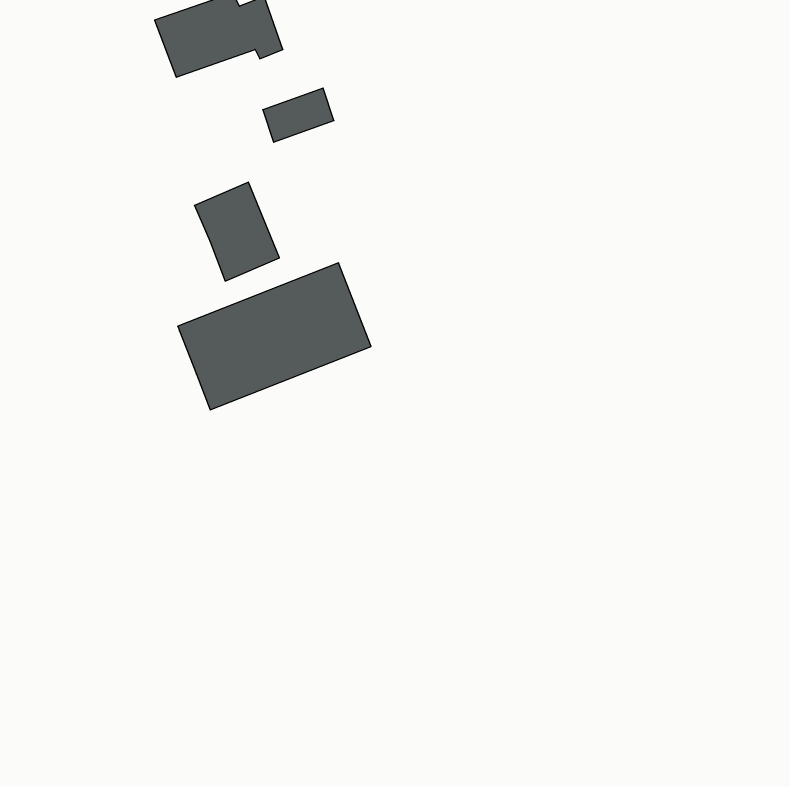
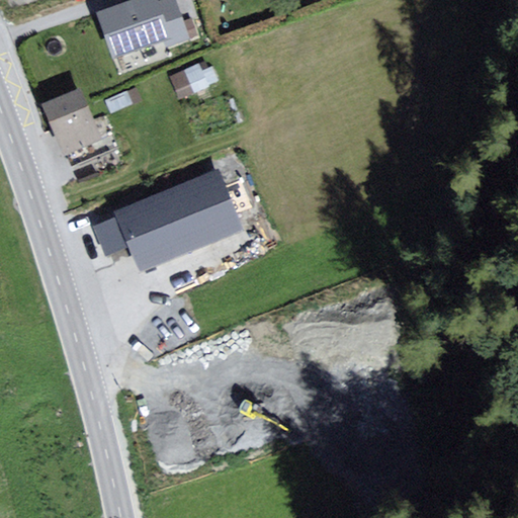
building: [194,182,279,281] -> [44,90,99,155]
building: none -> [92,217,128,255]

